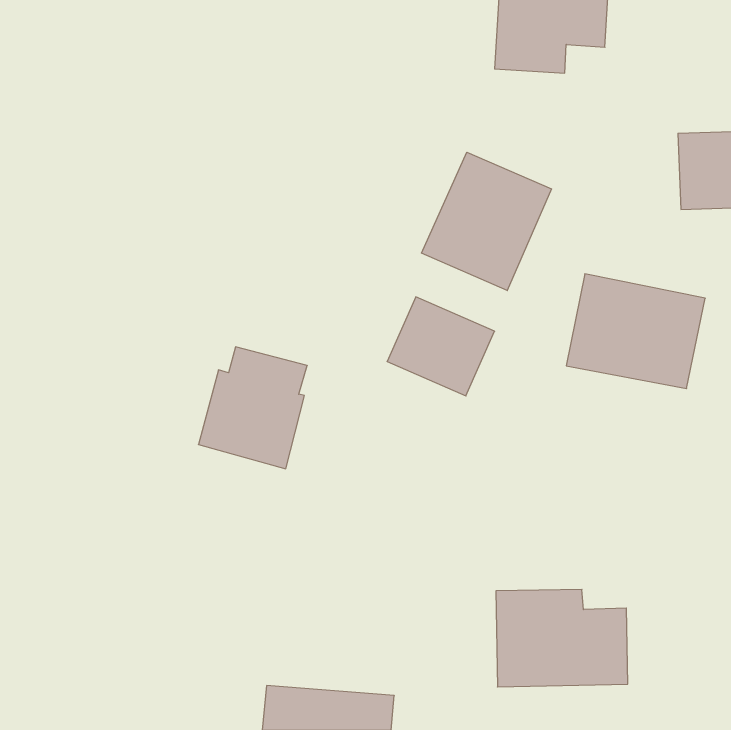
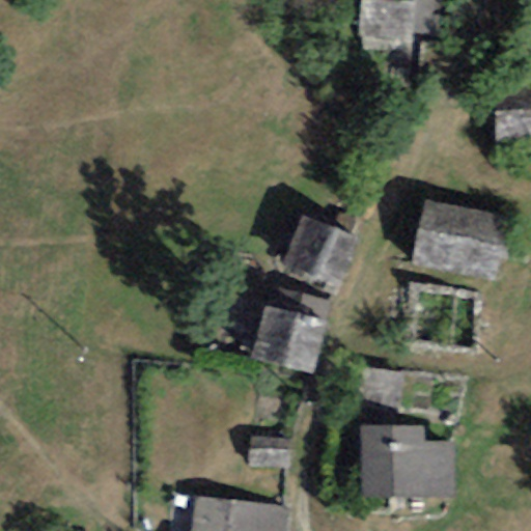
building: [421,152,552,291] -> none
building: [198,347,307,469] -> [249,286,328,374]

